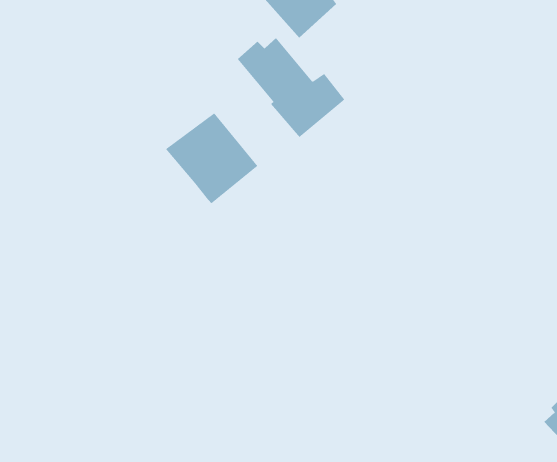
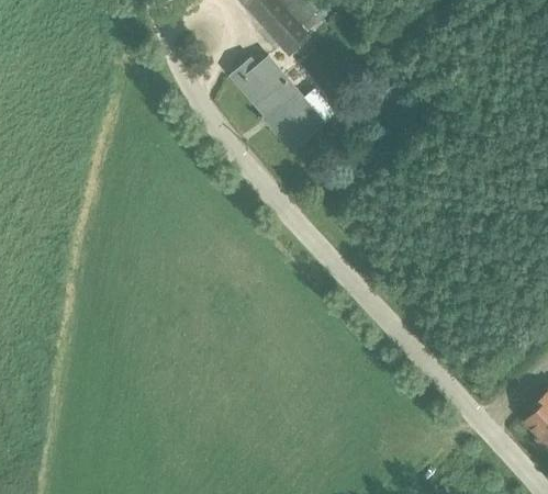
building: [165,112,258,204] -> none

